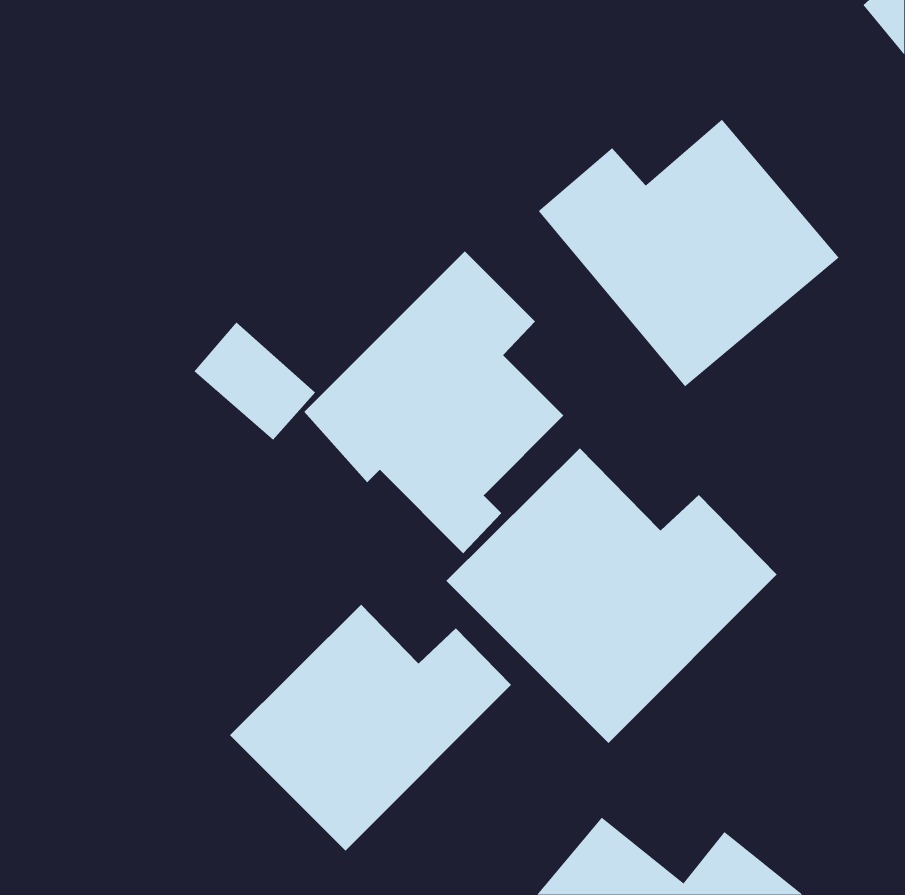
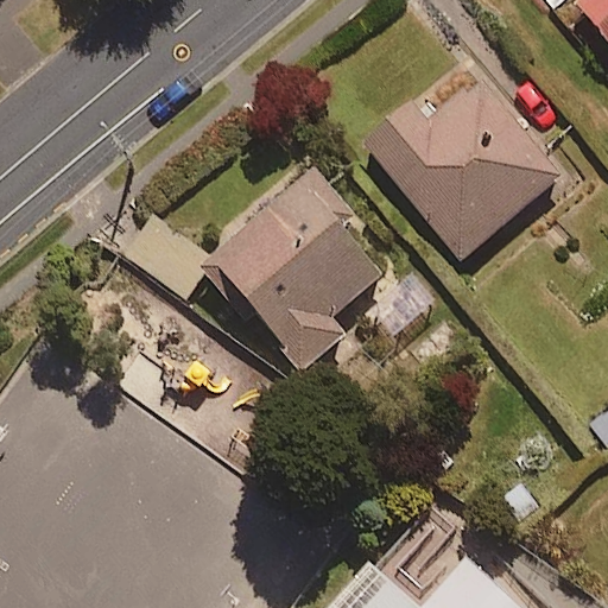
building: [446,447,778,744] -> none
building: [229,604,512,851] -> none

